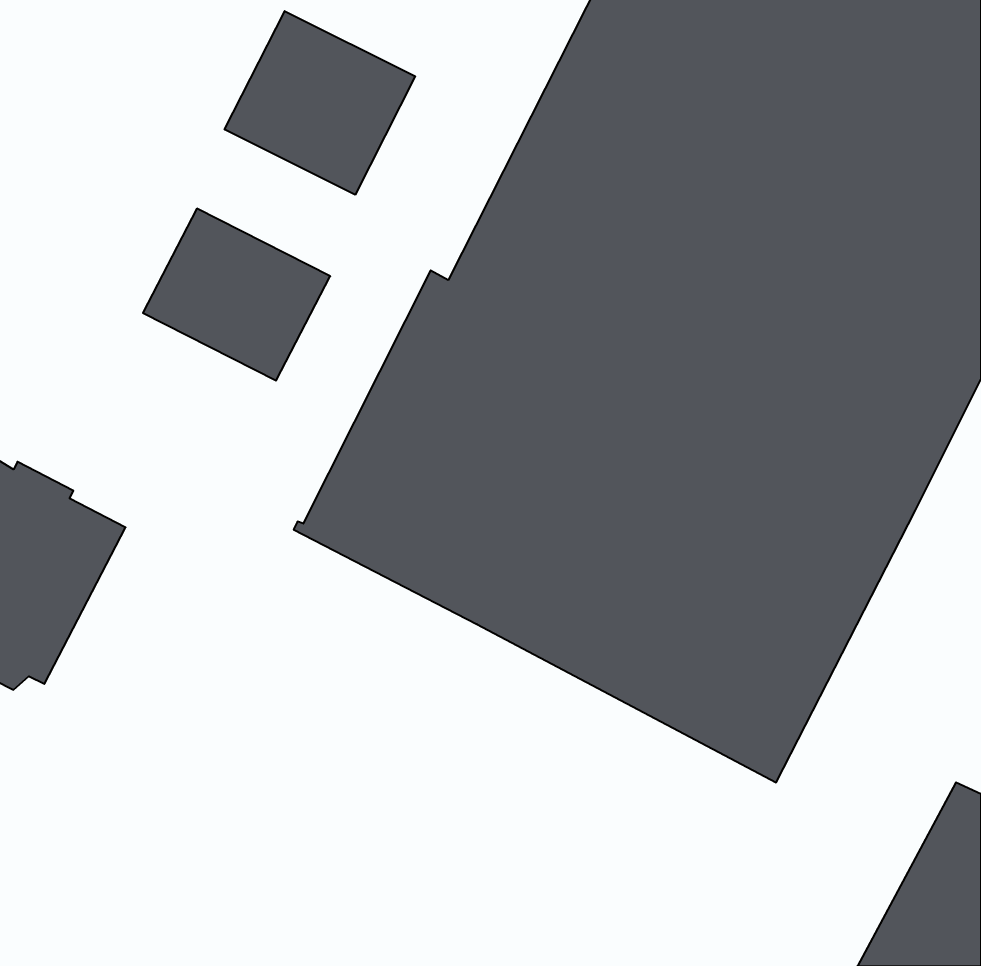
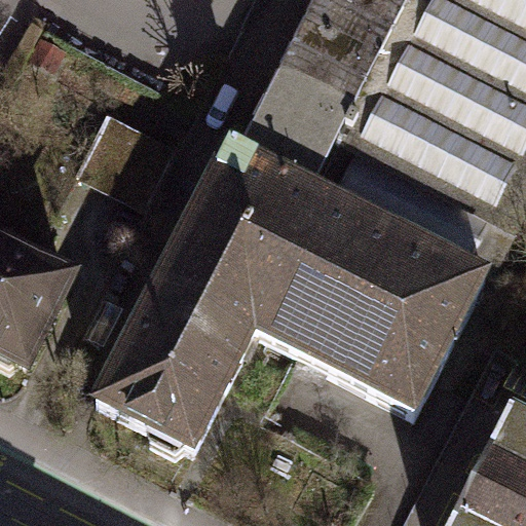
building: [225,11,415,195] -> none
building: none -> [95,281,254,452]

